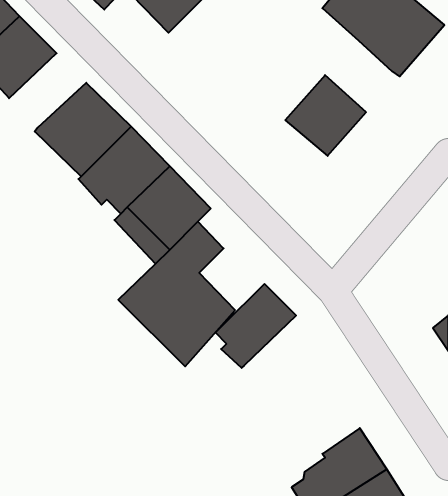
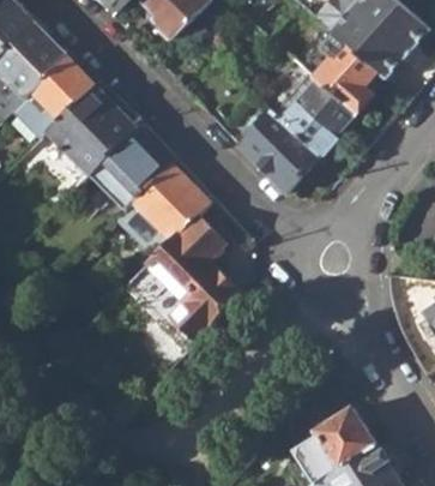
building: none -> [315,44,380,112]
building: none -> [23,56,95,126]
building: none -> [225,96,320,192]
building: [215,284,296,368] -> none

